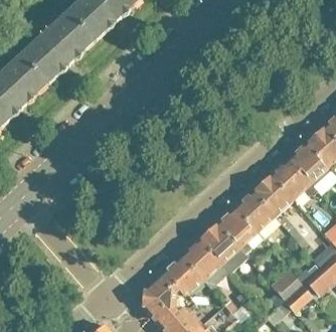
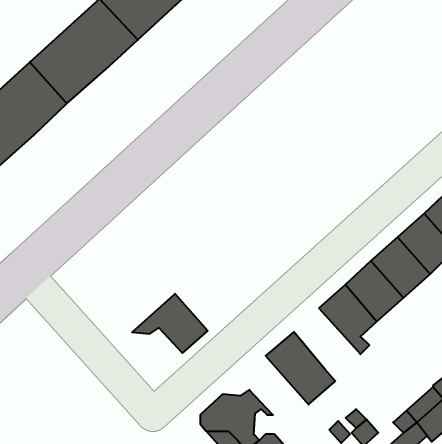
building: [201,221,247,272] -> none
building: [153,254,204,294] -> [132,294,208,353]

